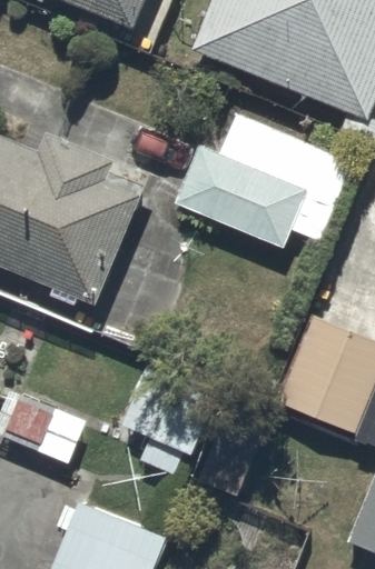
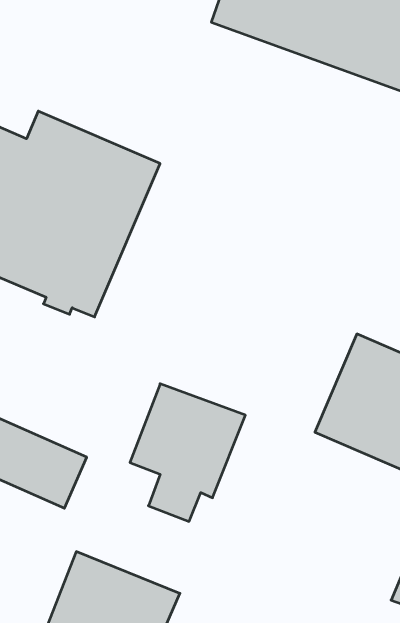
building: [175,117,347,249] -> none

